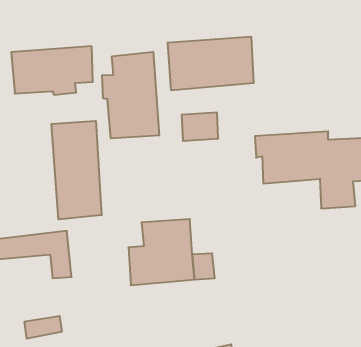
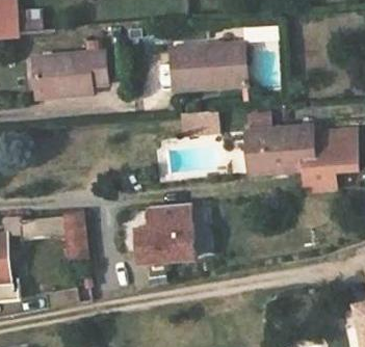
building: [102,52,159,138] -> none
building: [51,121,102,219] -> none

